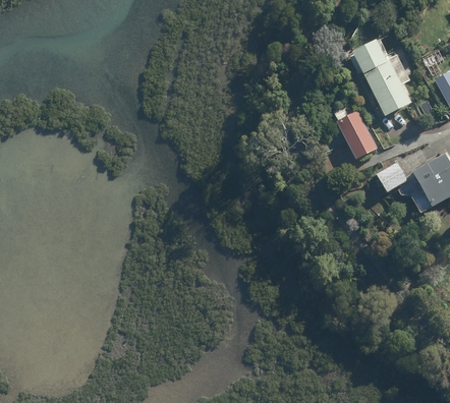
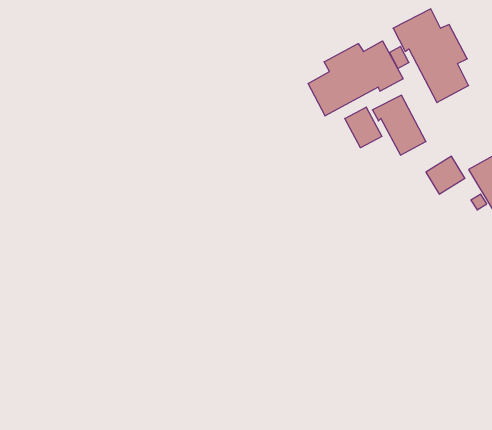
building: none -> [308,41,403,116]
building: none -> [345,107,382,148]

